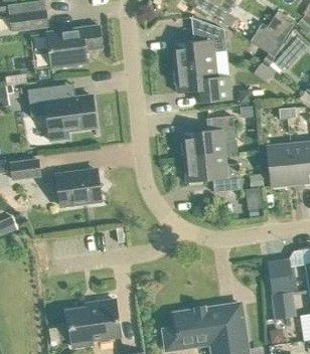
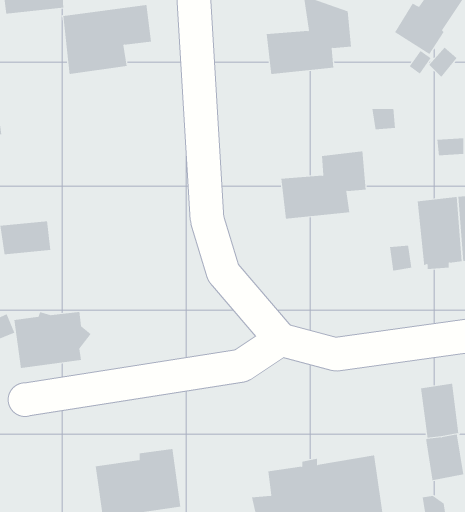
building: [175,64,230,103] -> none
building: [27,83,96,134] -> none
building: [184,154,242,192] -> none
building: [55,170,104,205] -> [14,312,92,368]

